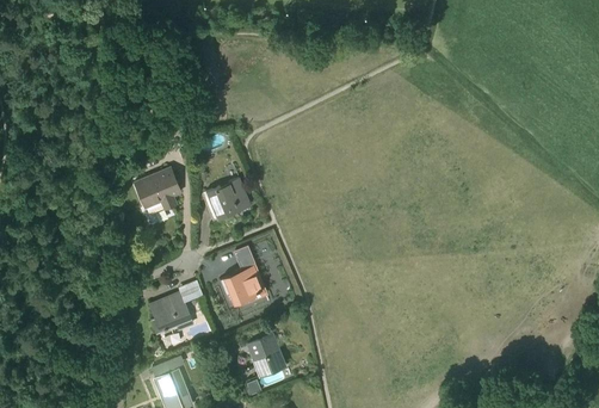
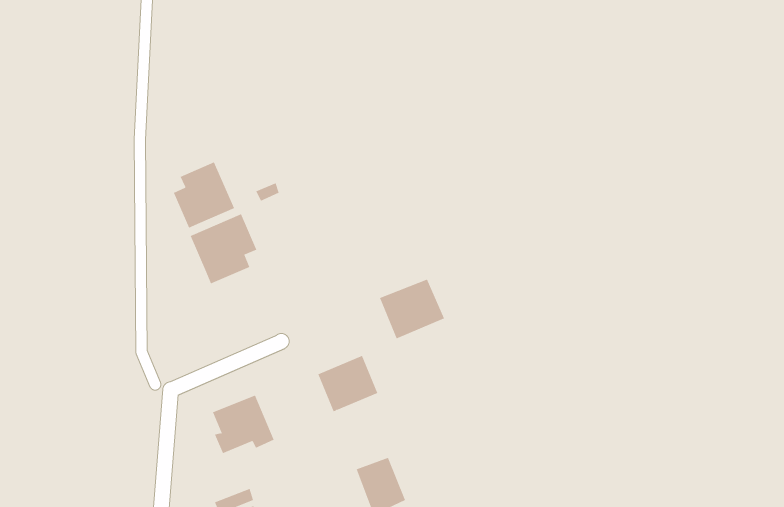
building: none -> [173,161,235,228]
building: [206,178,252,220] -> [379,279,445,339]

